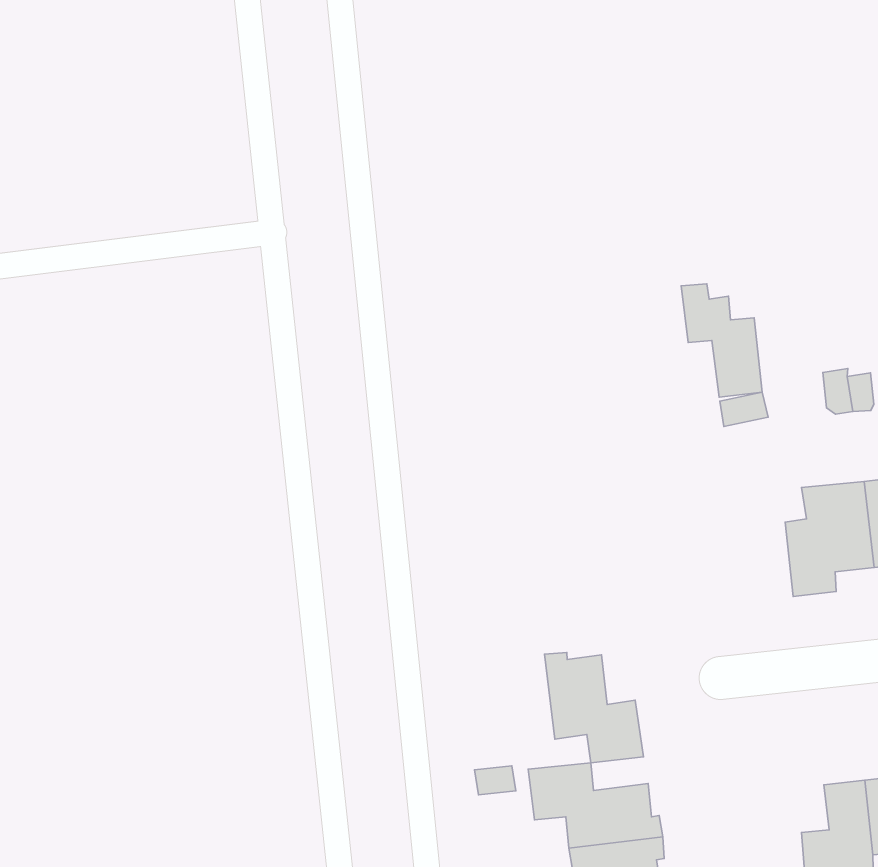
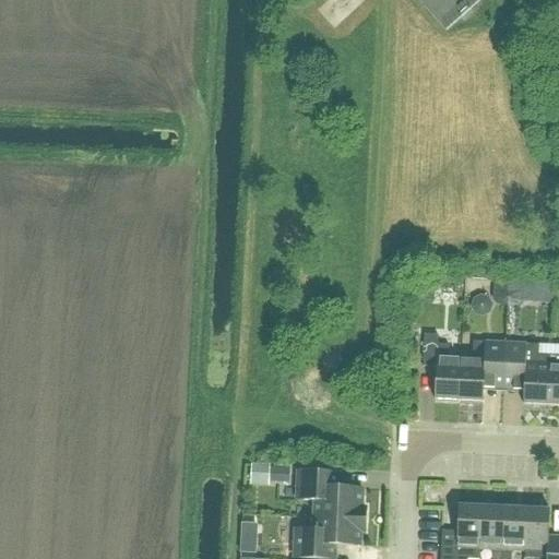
building: [681,284,762,397] -> [423,332,461,397]
building: [545,652,643,763] -> none

